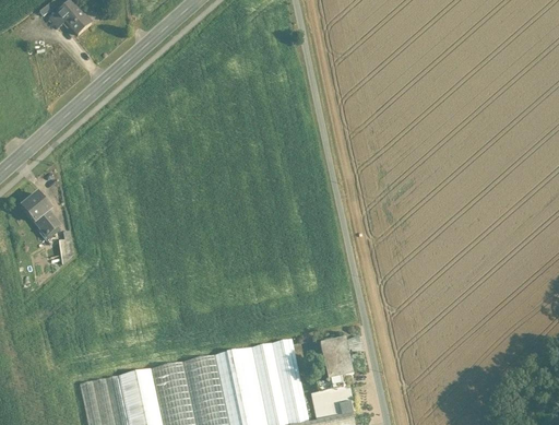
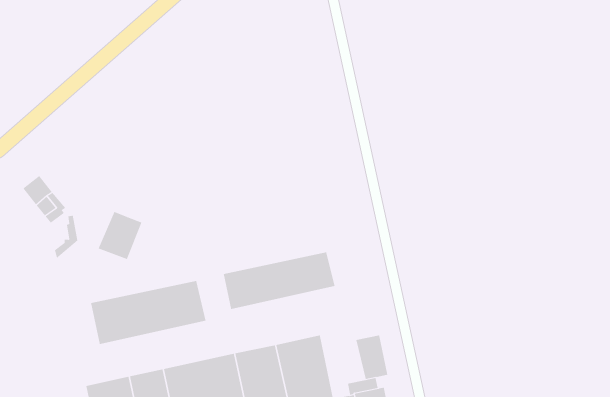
building: none -> [98,211,142,260]
building: none -> [223,252,335,310]
building: none -> [91,280,206,345]

